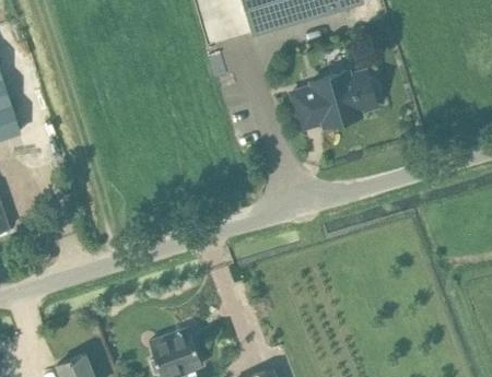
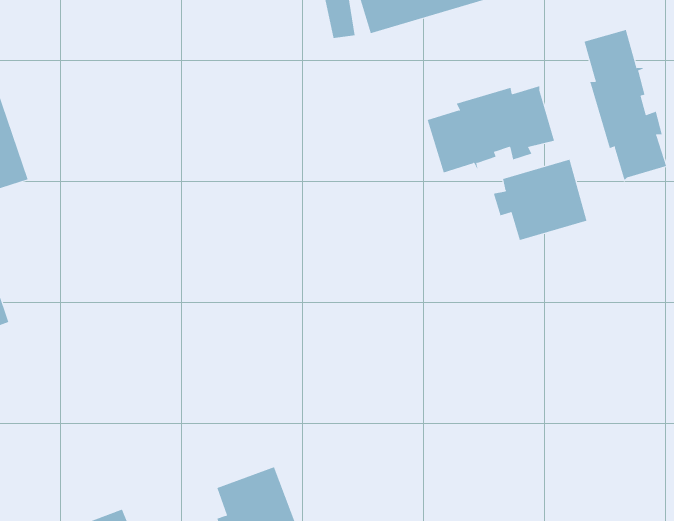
building: none -> [584,29,667,181]
building: none -> [493,159,587,241]

